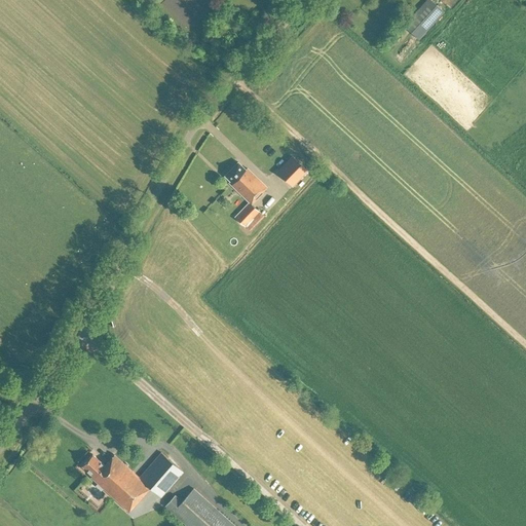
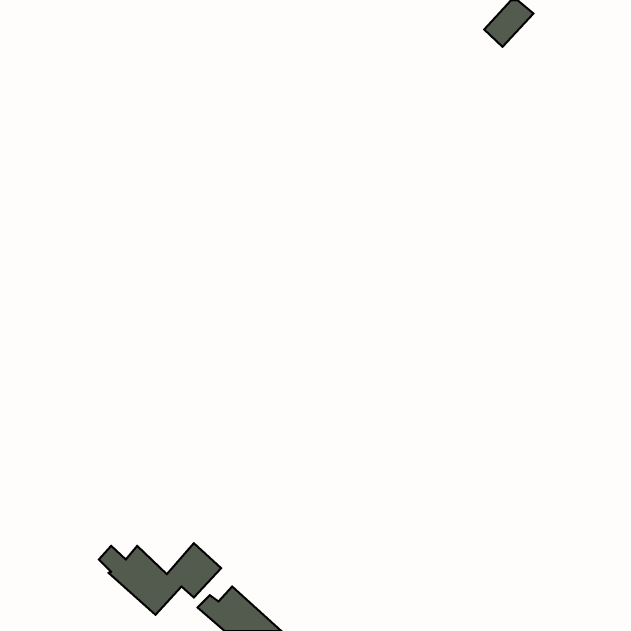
building: [276,161,305,190] -> none
building: [224,162,266,227] -> none

